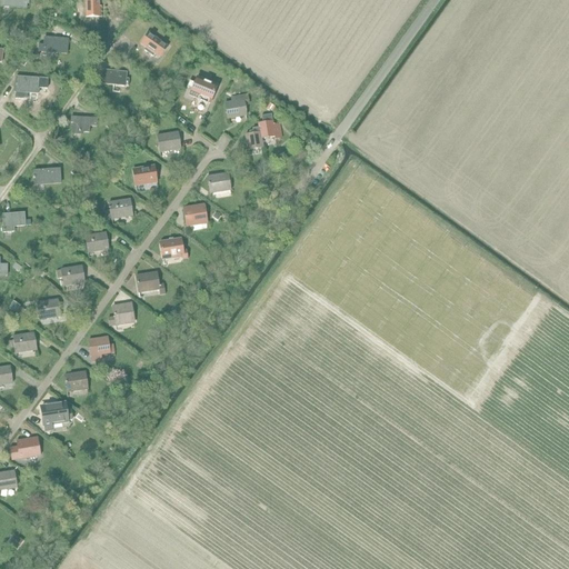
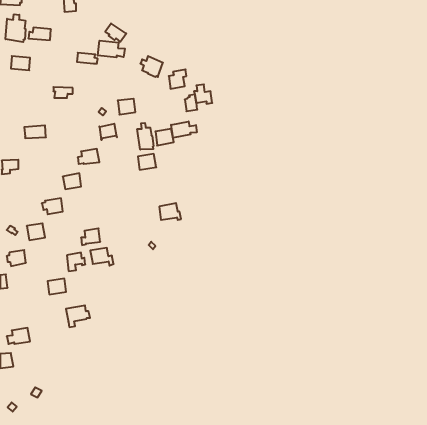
building: none -> [6,14,26,42]
building: none -> [98,41,125,57]
building: none -> [171,121,197,138]
building: none -> [137,123,154,150]
building: [159,237,188,259] -> [159,203,181,220]
building: [134,271,166,295] -> [90,248,114,266]
building: [40,401,72,430] -> [66,305,90,327]

